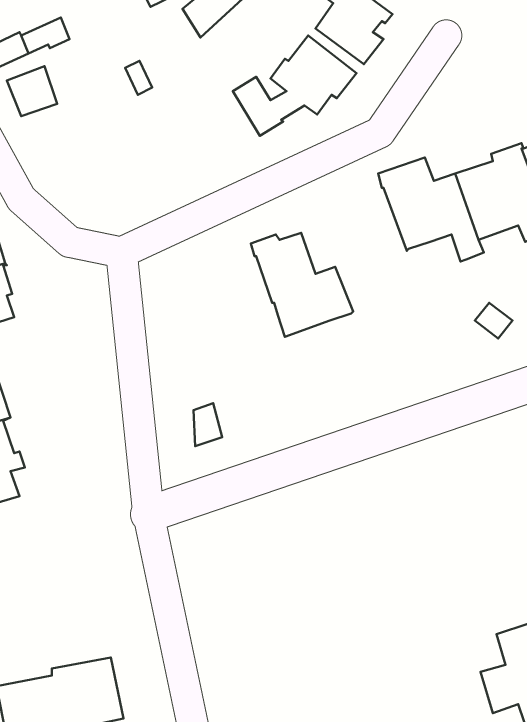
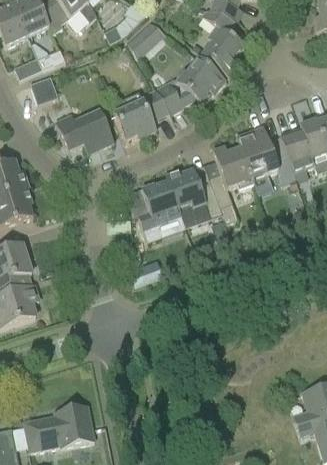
building: none -> [114,89,169,139]
building: none -> [54,109,114,153]
building: none -> [212,143,255,222]
building: none -> [137,181,185,241]

